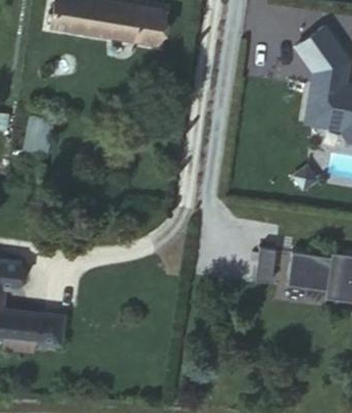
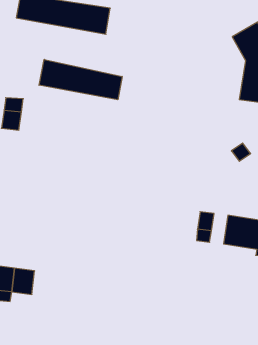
building: none -> [39,59,122,100]

